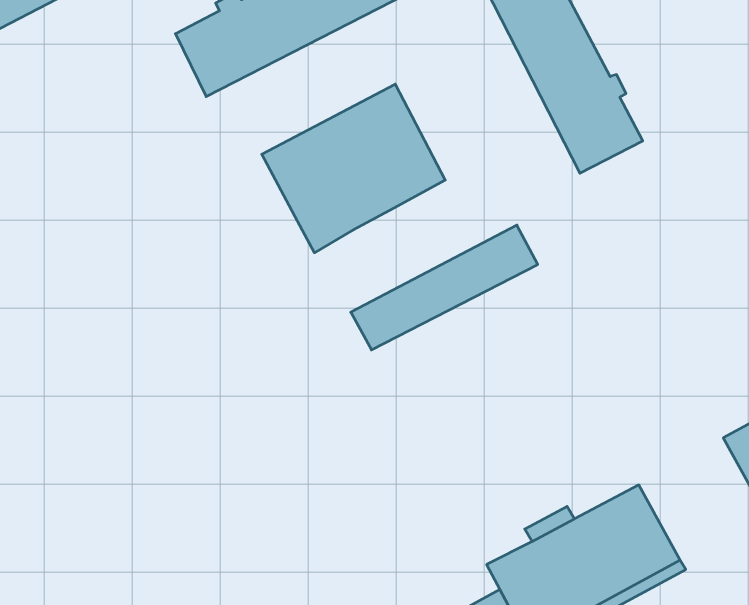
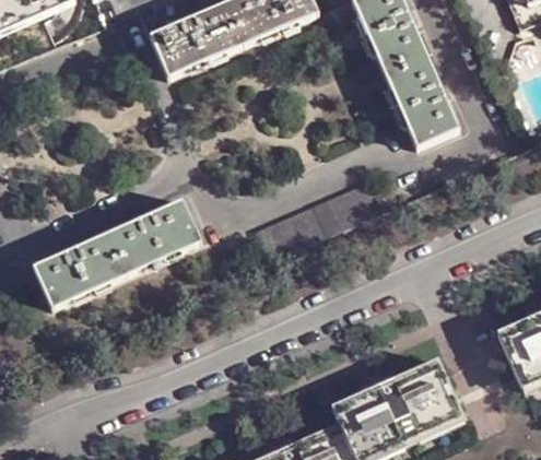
building: [262,84,445,253] -> none
building: none -> [32,199,200,309]

